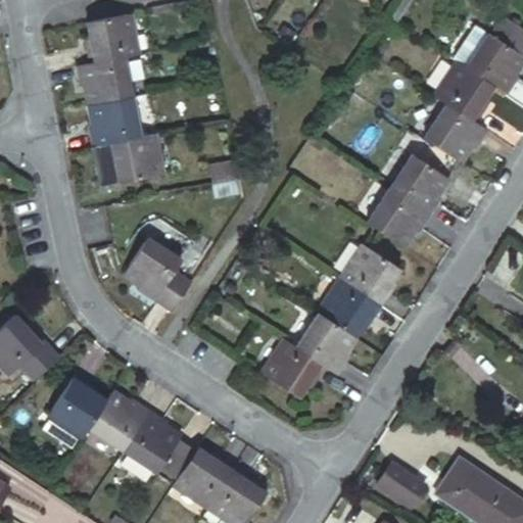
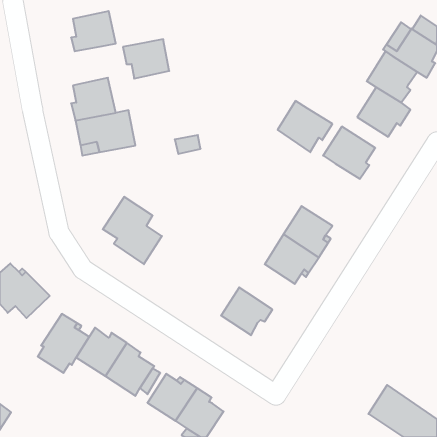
building: [74,55,129,102] -> [123,39,169,79]
building: [364,186,429,247] -> [278,101,332,152]
building: [294,316,351,377] -> none
building: [370,456,425,507] -> none

